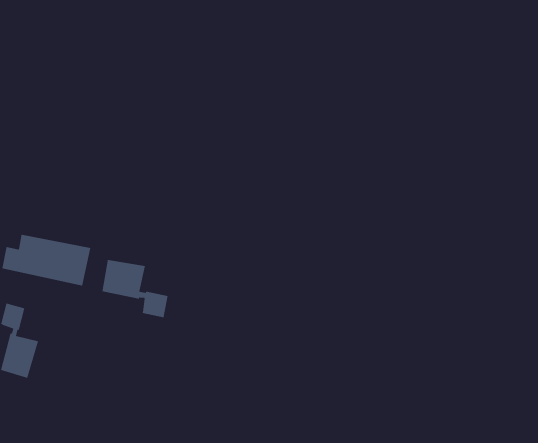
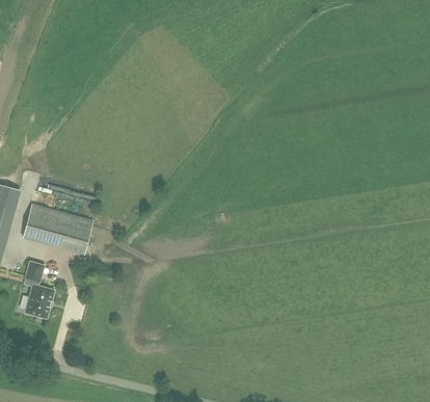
building: [102,259,168,318] -> none

